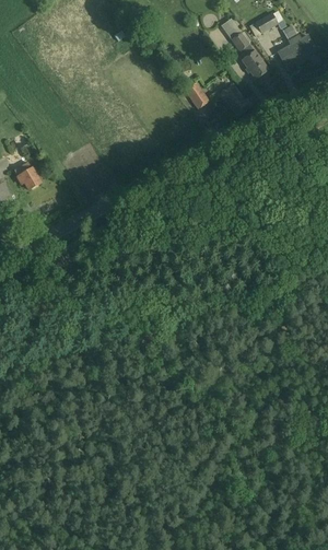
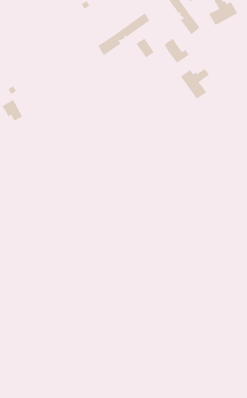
building: none -> [98,13,150,56]
building: none -> [180,68,210,100]

